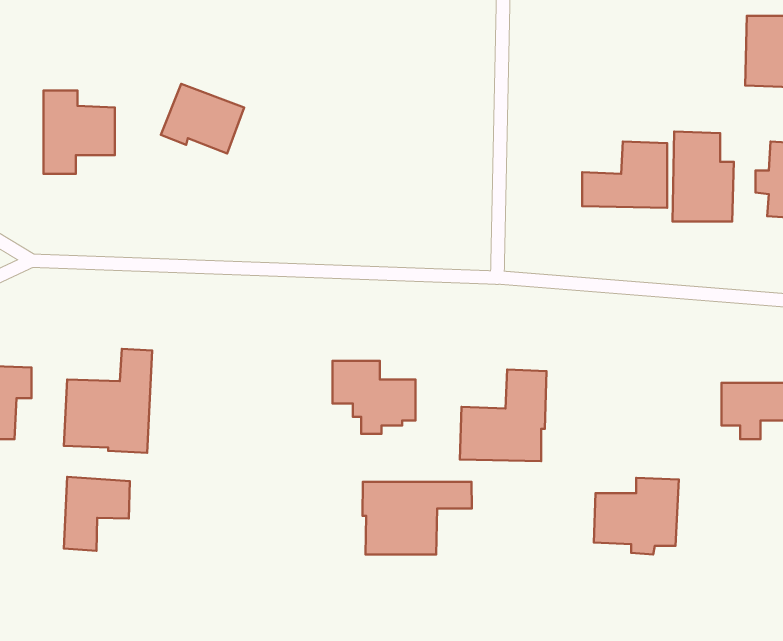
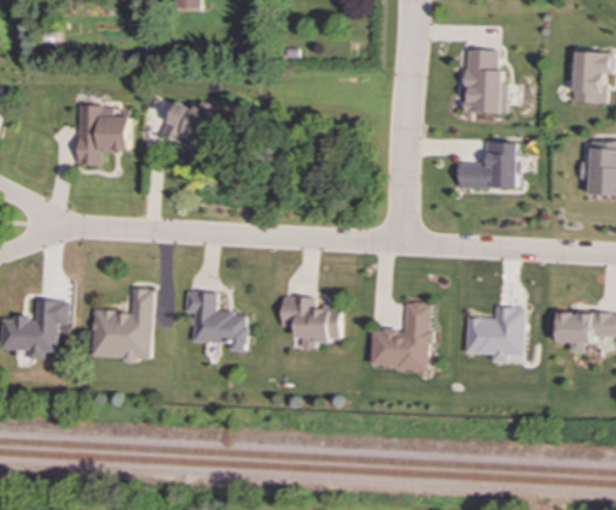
building: [673,131,734,221] -> [463,48,507,112]
building: none -> [184,291,247,350]
building: [64,477,130,551] -> none
building: [594,478,679,554] -> [464,307,525,361]
building: [362,482,472,554] -> none

